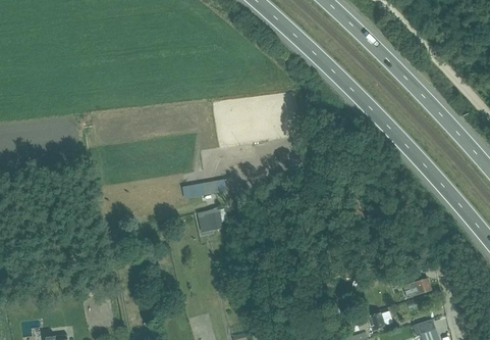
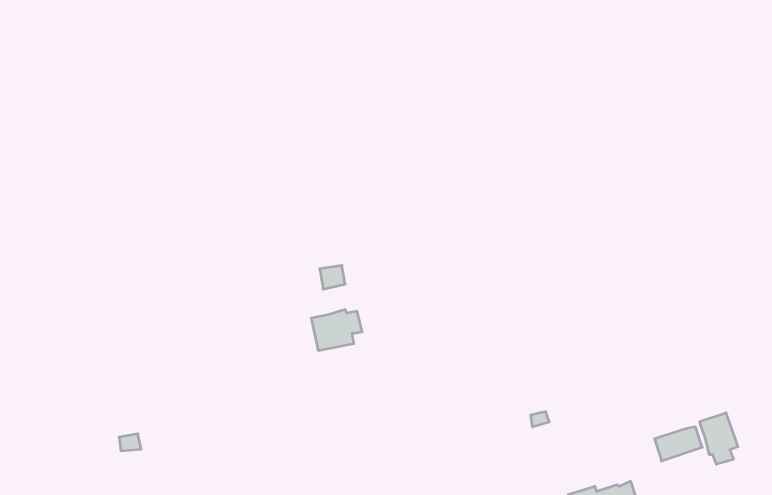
building: none -> [700,413,738,464]

